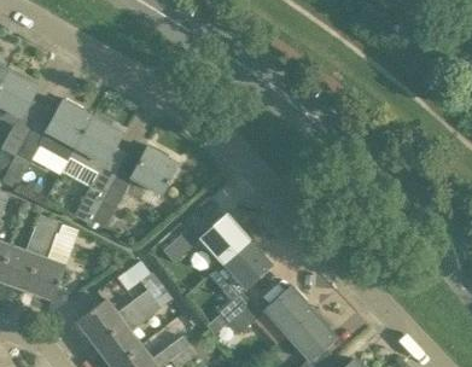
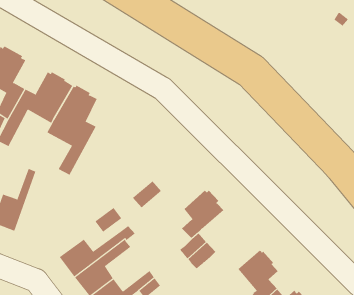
building: [88,145,176,228] -> none
building: [199,215,247,263] -> none
building: [23,219,64,301] -> none
building: [263,286,313,334] -> none

